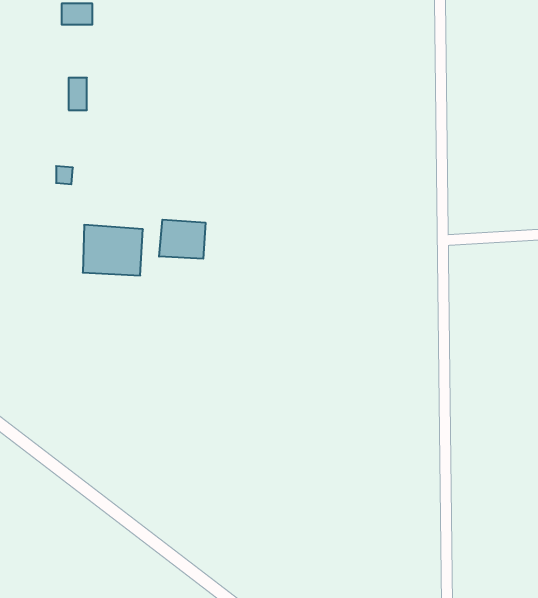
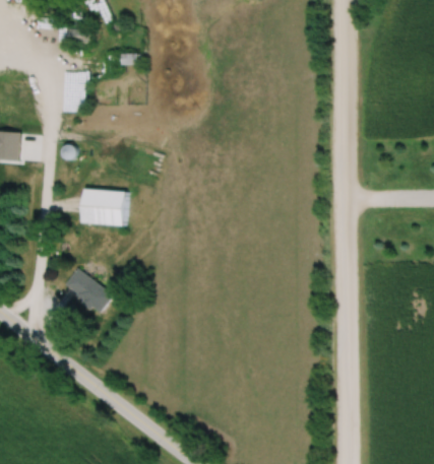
building: [159,220,205,259] -> none
building: none -> [63,268,110,316]

